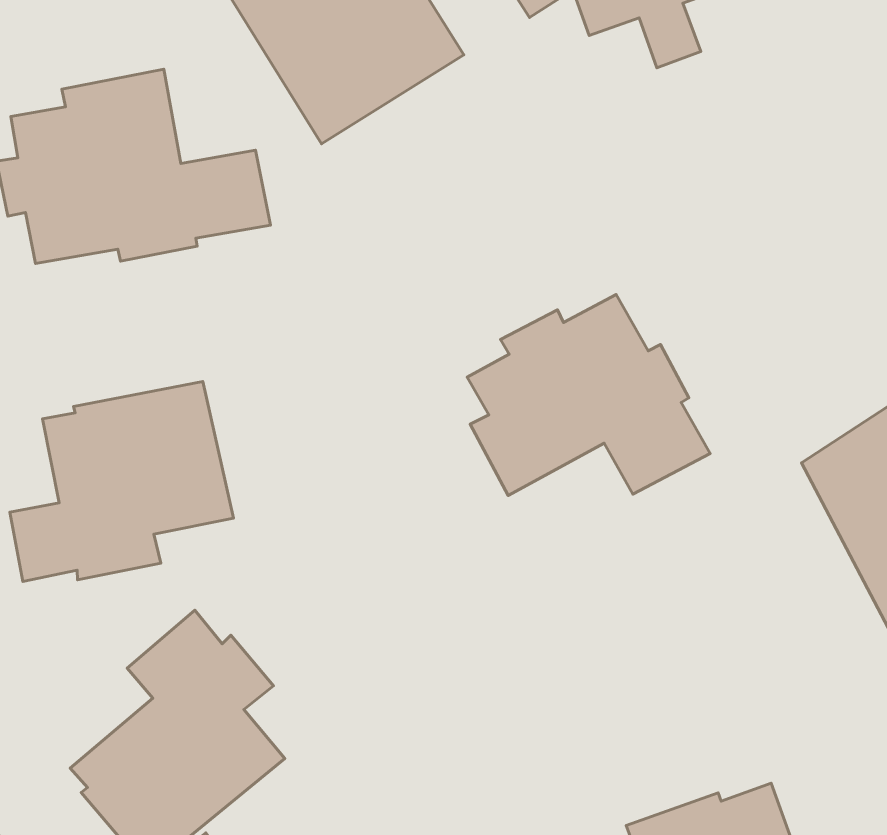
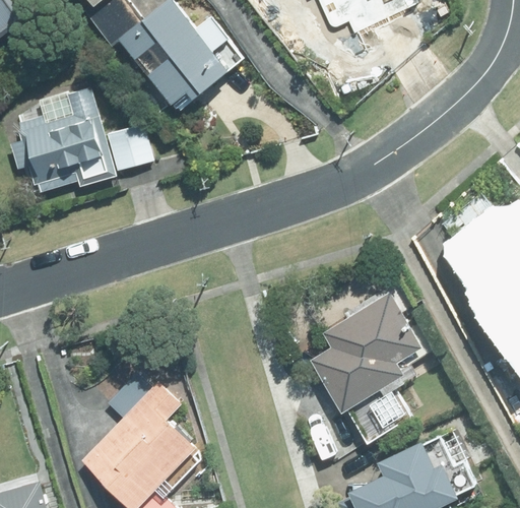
building: [467,295,710,495] -> none
building: [10,381,234,581] -> none
building: none -> [306,287,429,445]

